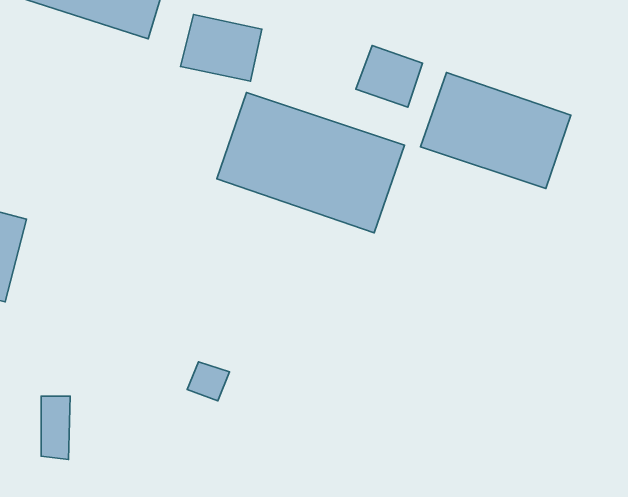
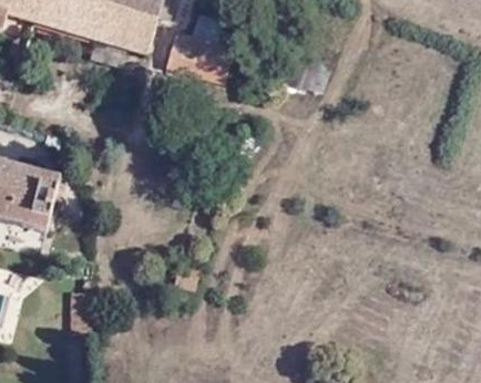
building: [421,72,571,188] -> none
building: [217,93,404,233] -> none

